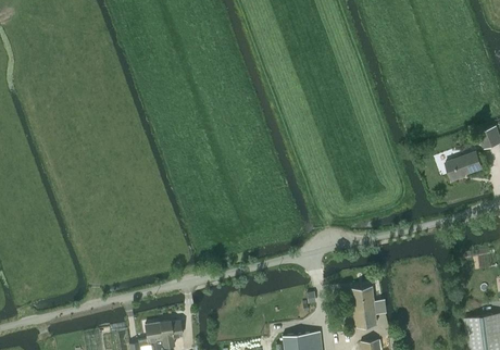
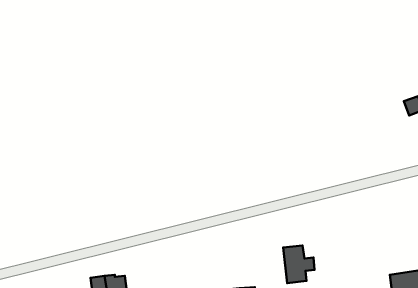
building: [446,152,483,182] -> none

